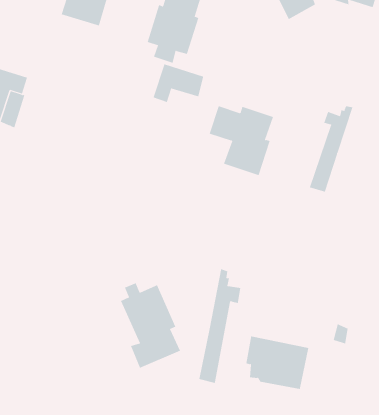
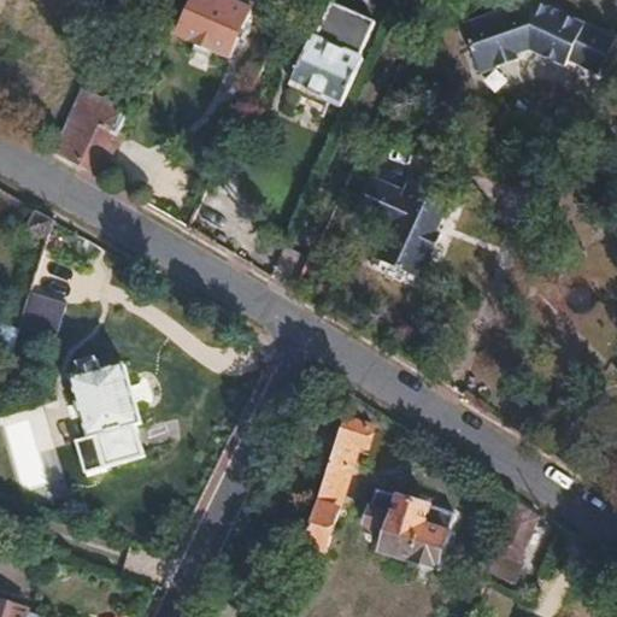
building: [153,63,204,103] -> none
building: [309,105,353,192] -> none
building: [120,283,181,368] -> [75,357,147,471]
building: none -> [486,498,539,577]

